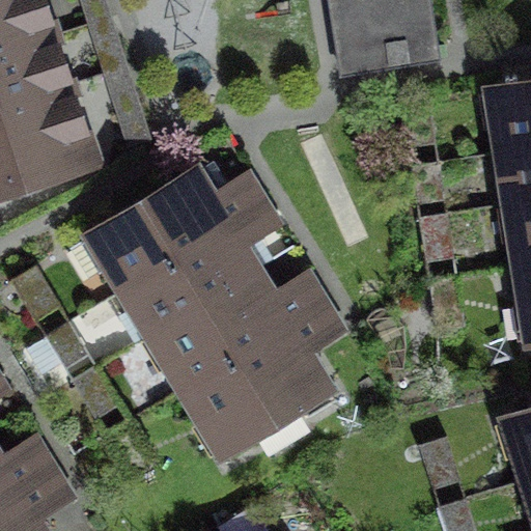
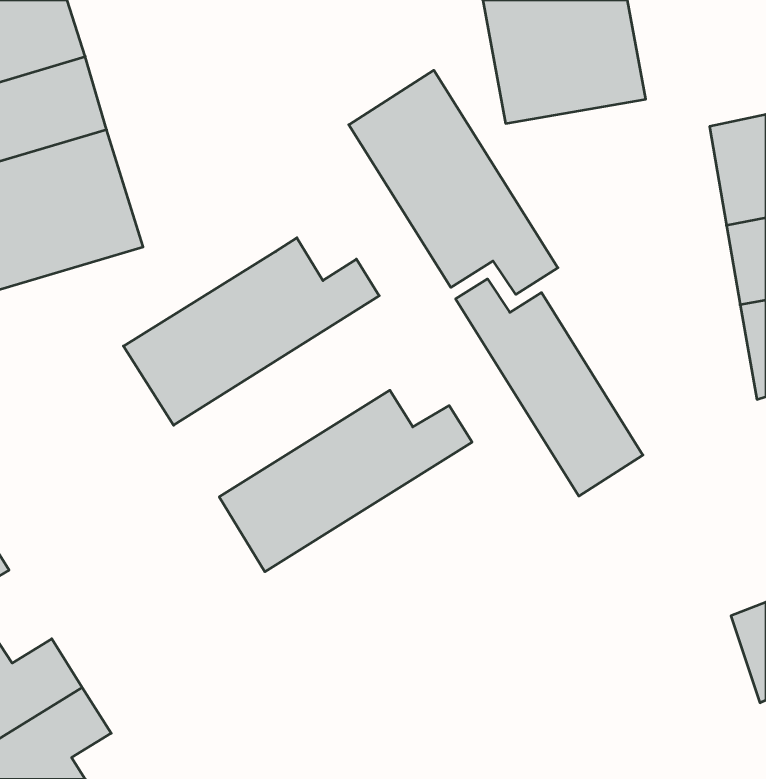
building: none -> [349,70,558,294]
building: none -> [456,279,643,496]
building: [118,201,276,338] -> none
building: [180,301,343,463] -> none

